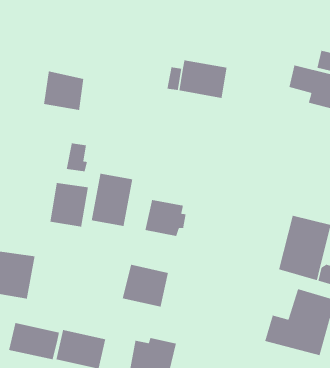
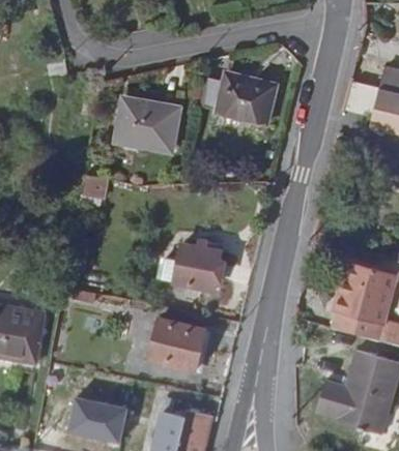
building: [43,71,84,111] -> [129,104,177,152]
building: [91,173,133,227] -> none
building: [50,182,89,228] -> none
building: [8,322,60,360] -> none

